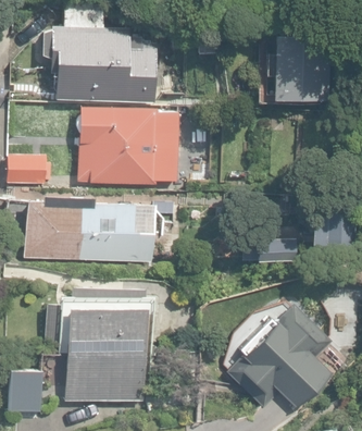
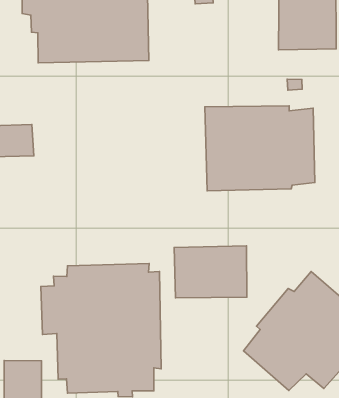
building: [78,108,178,186] -> [205,106,315,191]
building: [25,195,146,262] -> none
building: none -> [174,246,247,298]

